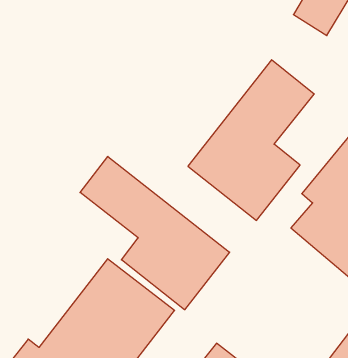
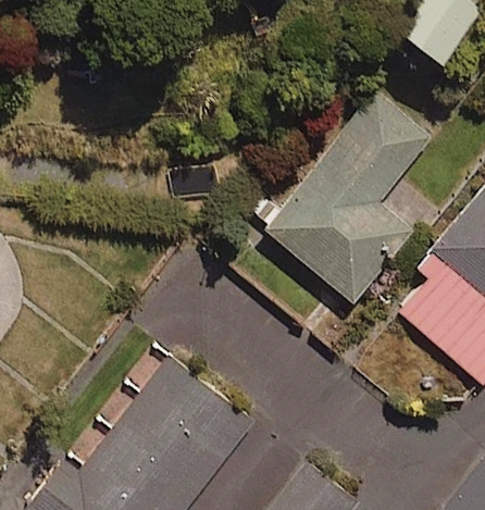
building: [80,156,230,310] -> none

